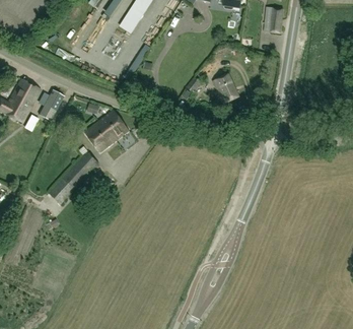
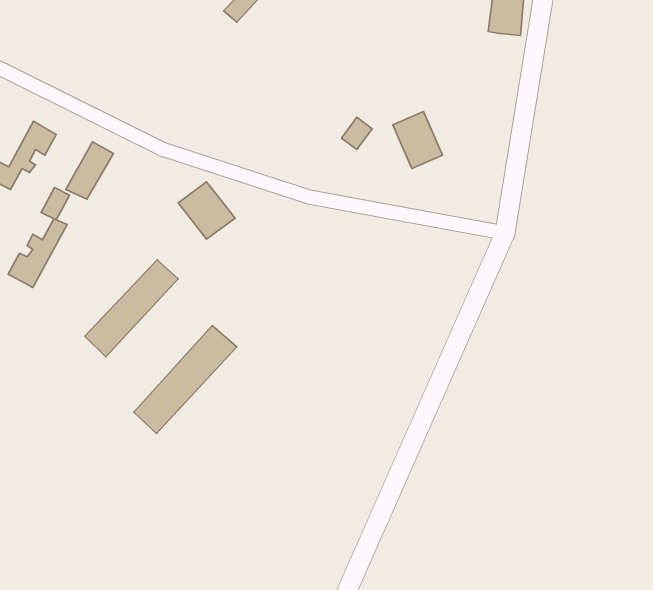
building: [8,85,40,122] -> [8,219,67,287]
building: [83,122,113,152] -> none
building: none -> [134,326,237,434]

